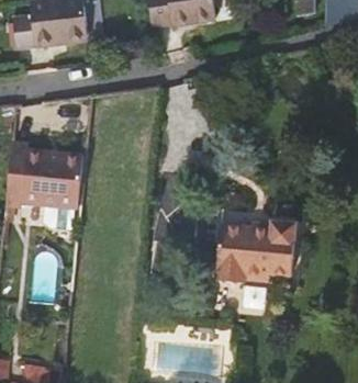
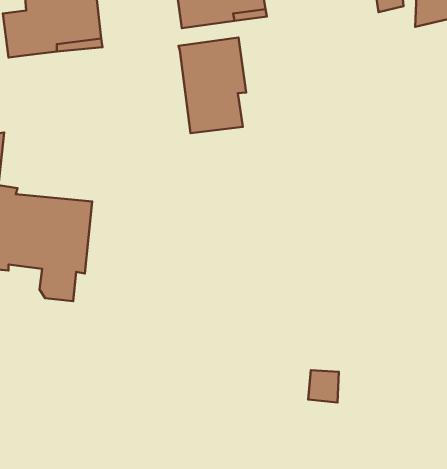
building: none -> [178,37,246,133]
building: [213,225,293,285] -> none

